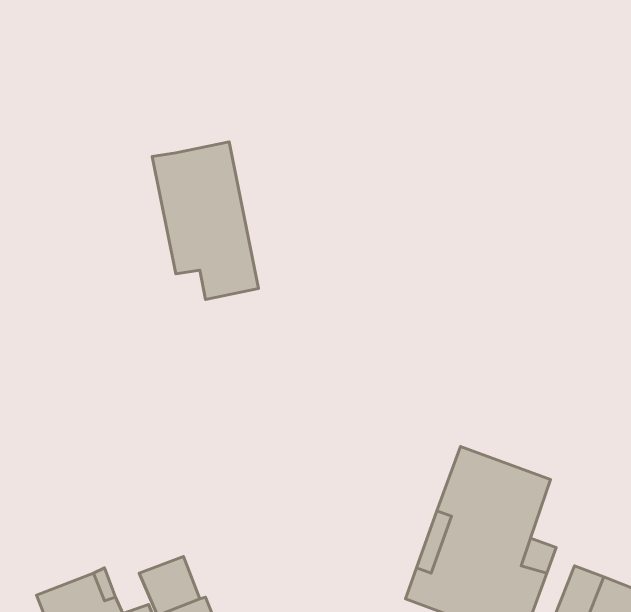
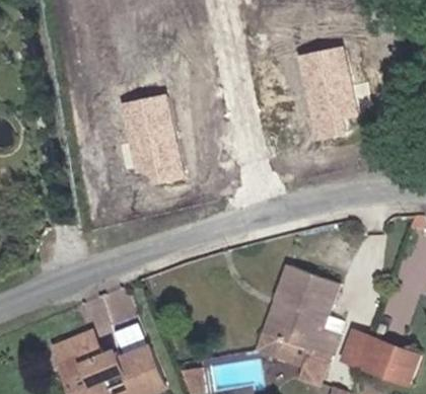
building: none -> [294,49,352,142]

